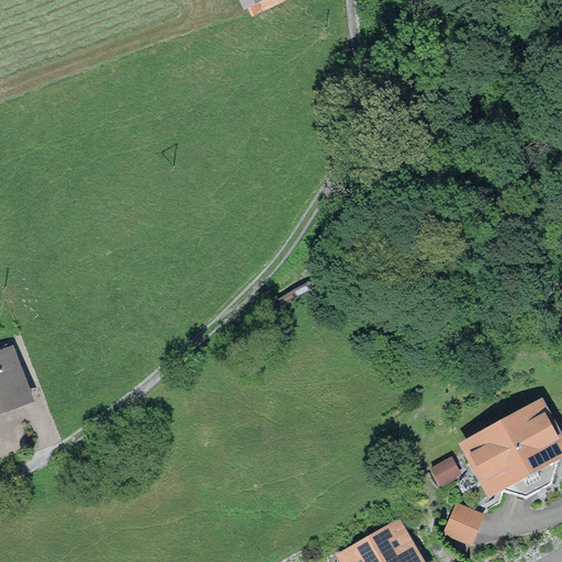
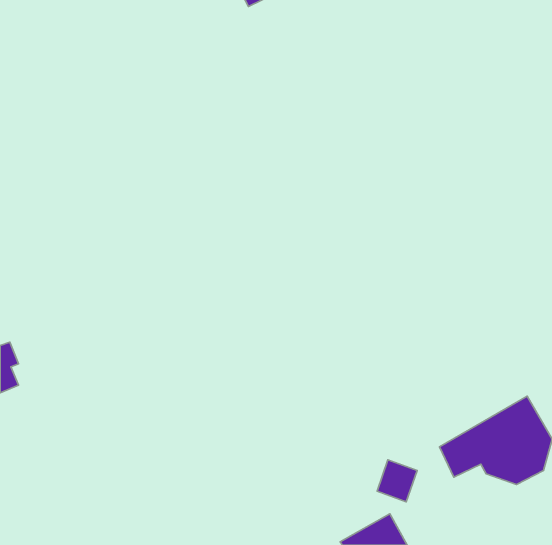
building: [446,496,486,539] -> [377,460,417,502]

